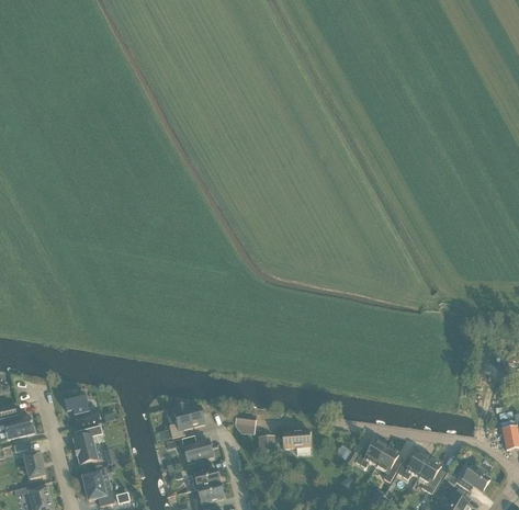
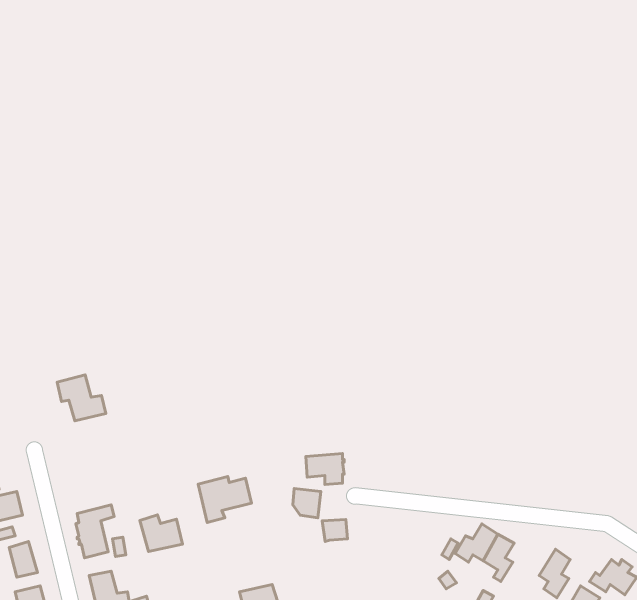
building: [64,392,100,426] -> [57,375,106,421]
building: [282,430,311,453] -> [306,453,344,484]
building: [181,434,213,462] -> [140,515,182,552]
building: [397,451,430,479] -> none
building: [183,464,219,490] -> none

